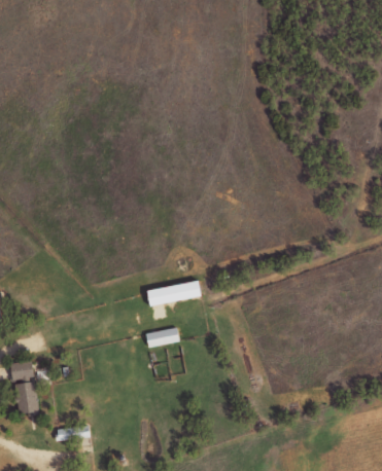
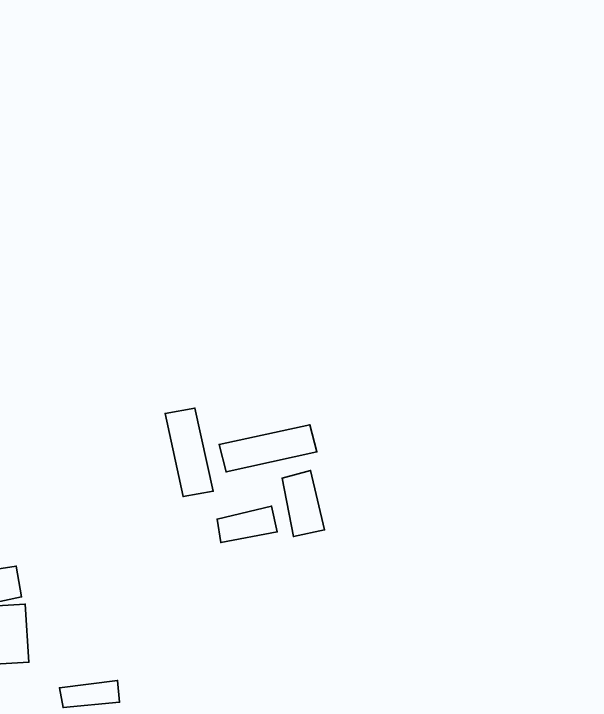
building: none -> [165,408,213,497]
building: none -> [282,470,325,537]

